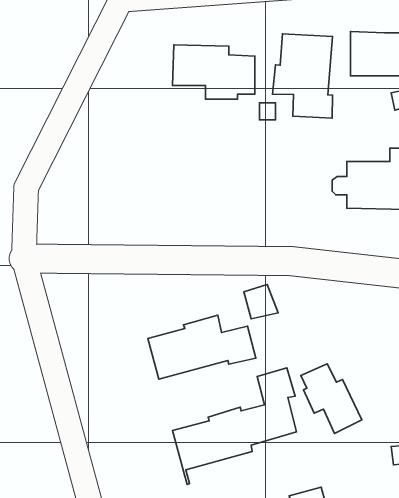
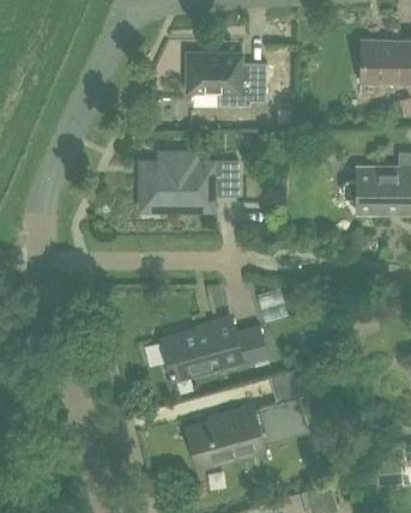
building: [272,34,333,118] -> none
building: none -> [141,153,240,211]
building: [301,364,362,433] -> none

